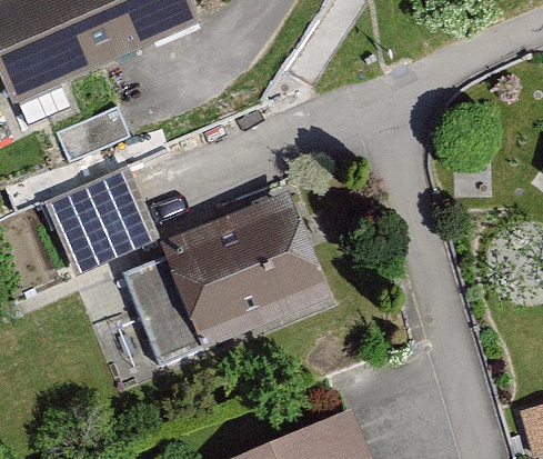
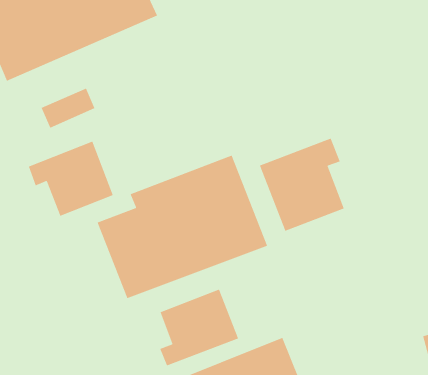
building: none -> [259,138,345,232]
building: none -> [159,289,239,366]

